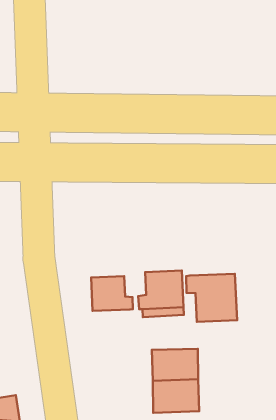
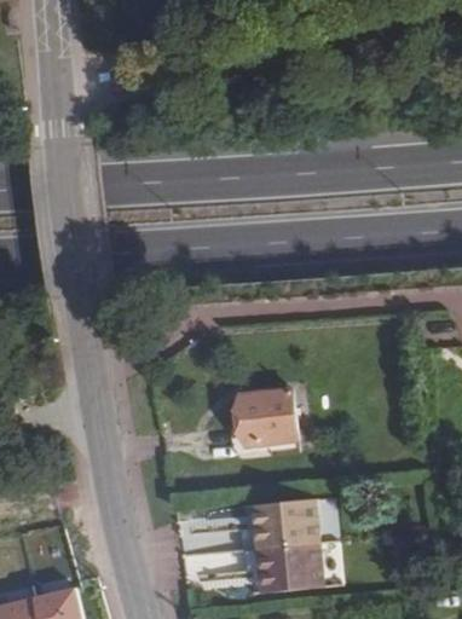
building: [186,274,237,322] -> none
building: [91,276,133,311] -> none

